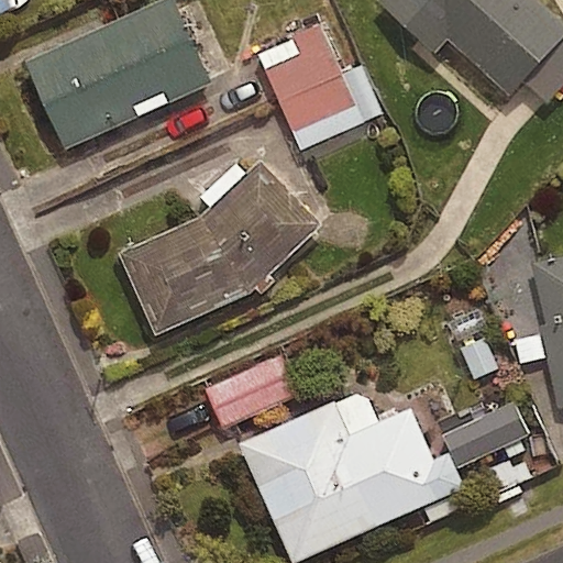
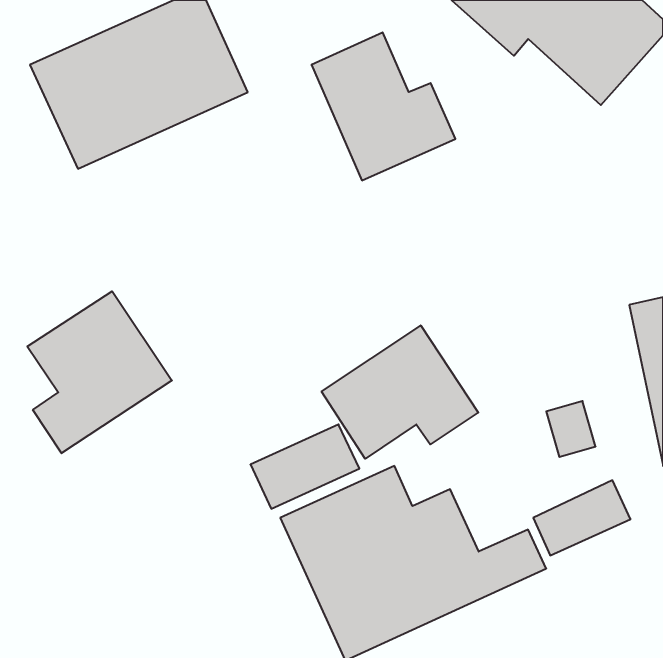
building: [118,158,321,334] -> none
building: none -> [27,291,172,453]
building: none -> [322,325,478,459]

